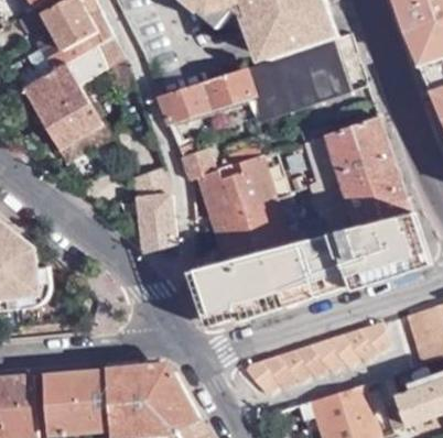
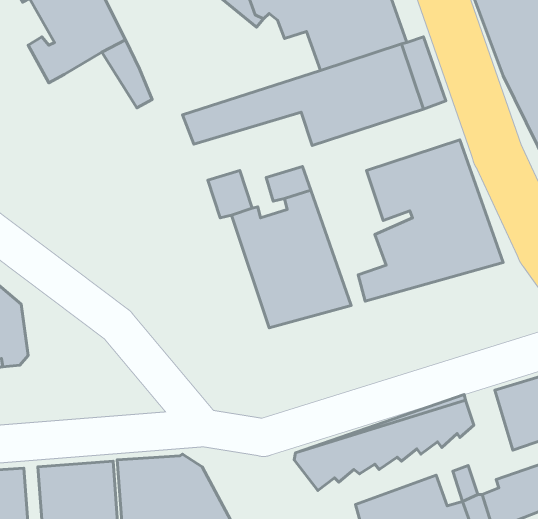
building: [21,65,100,149] -> none
building: [130,166,173,256] -> none
building: [196,213,426,329] -> none

